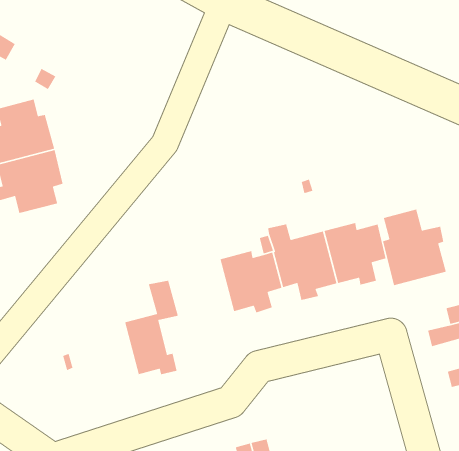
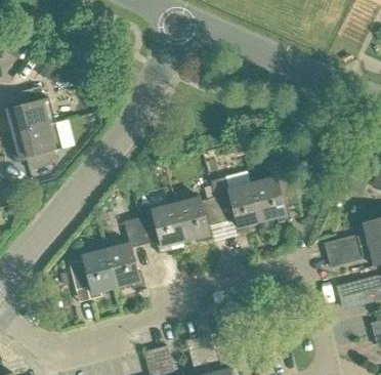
building: [382,208,447,286] -> none
building: none -> [138,203,185,254]
building: none -> [69,249,116,299]

